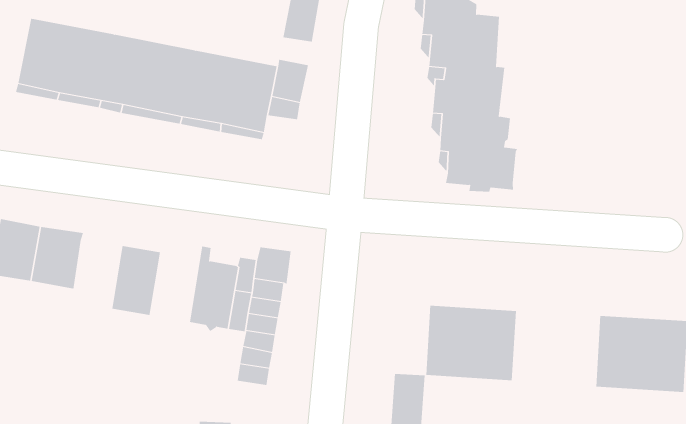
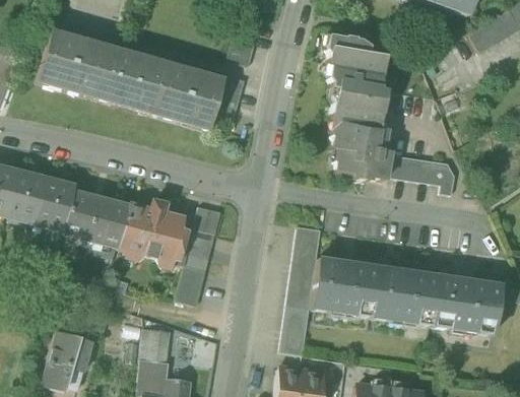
building: none -> [385,152,456,193]
building: none -> [62,190,102,241]
building: none -> [118,200,158,258]
building: none -> [288,224,322,307]
building: none -> [373,266,439,325]

